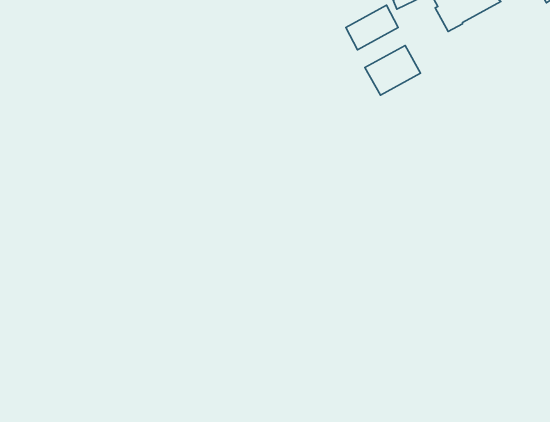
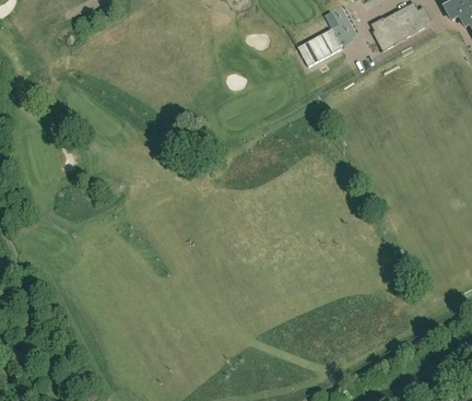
building: [365,46,421,95] -> none

